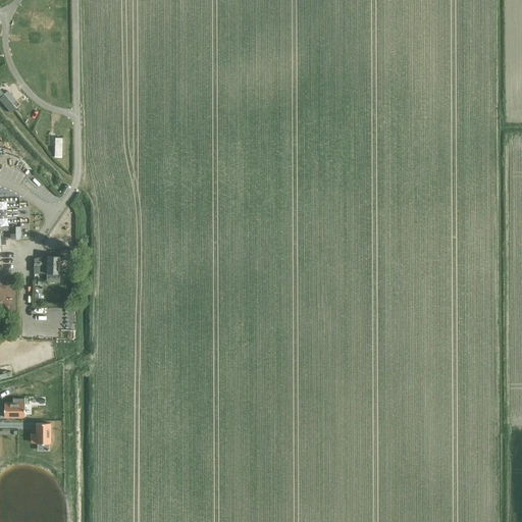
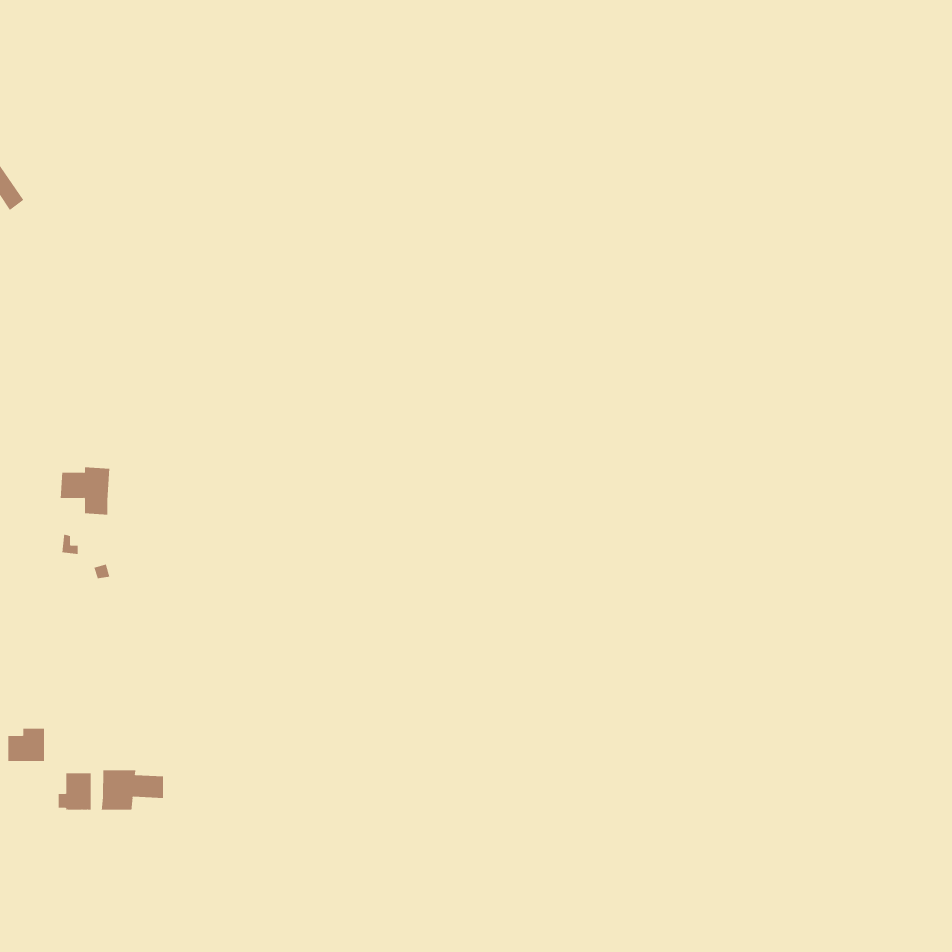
building: none -> [101,769,163,810]

